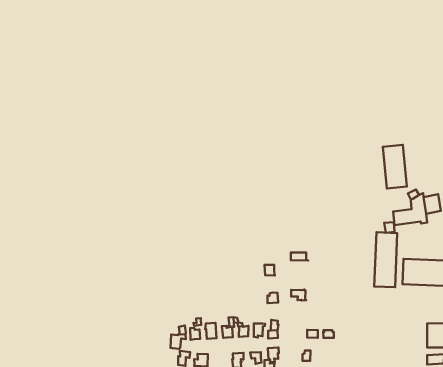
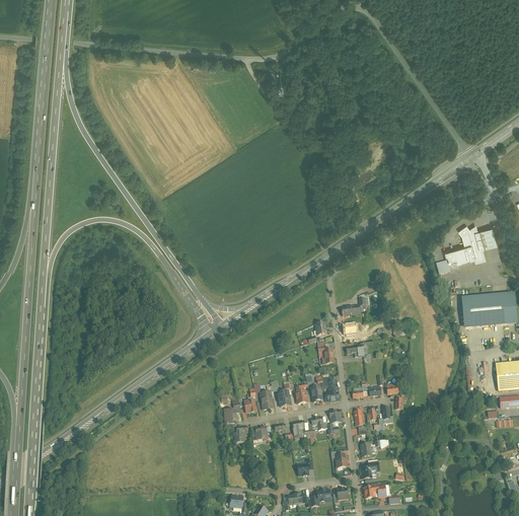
building: [383,145,407,189] -> none
building: [374,232,397,287] -> none

